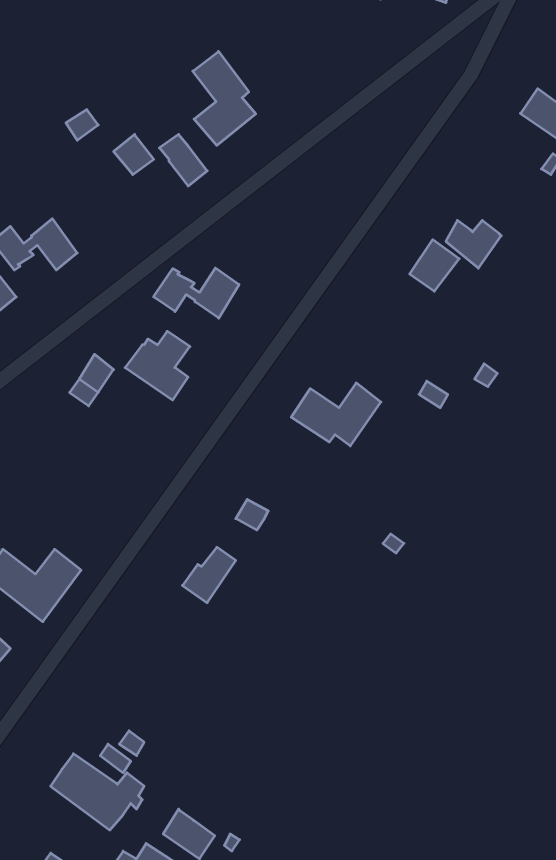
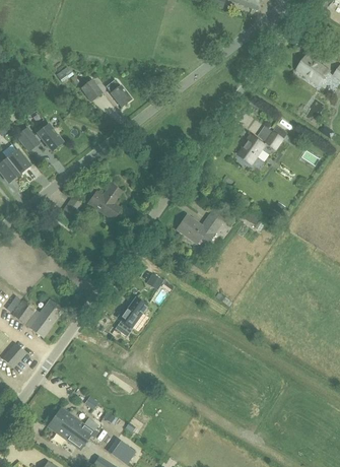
building: [193,51,256,145] -> none
building: [154,268,239,318] -> none

